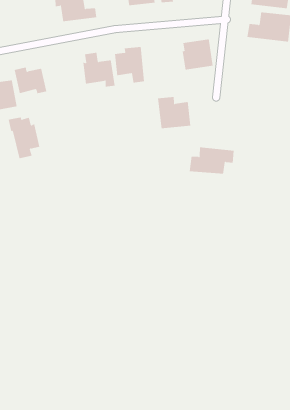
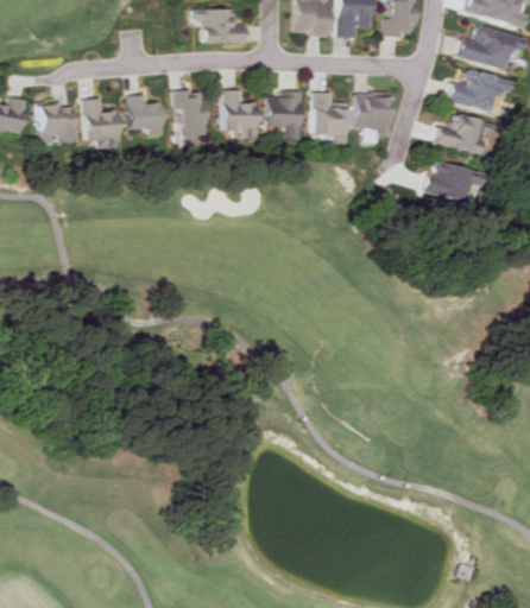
building: none -> [431,112,496,154]
building: [157,96,191,129] -> [308,90,351,134]
building: [8,117,40,159] -> [171,89,209,145]
building: [189,147,234,174] -> [421,160,486,202]

